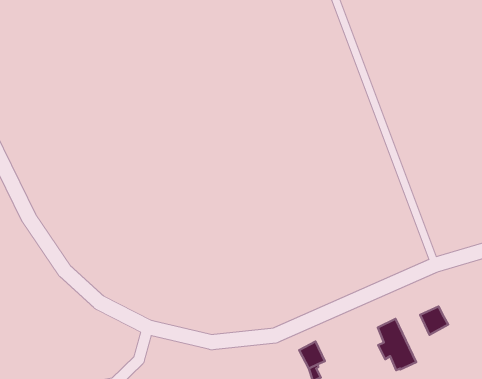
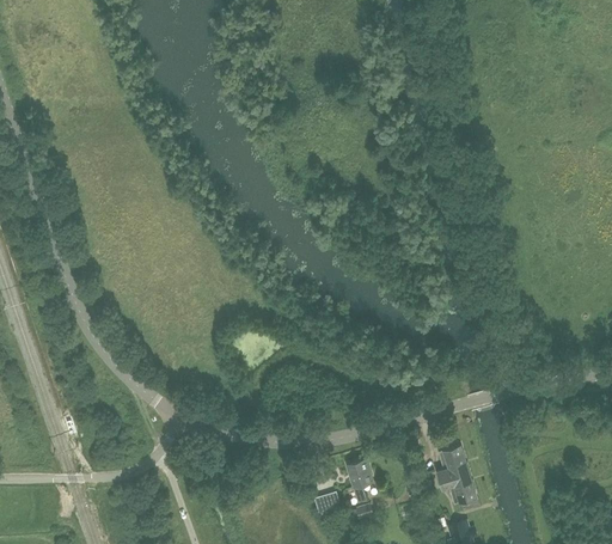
building: [420,306,448,335] -> none

